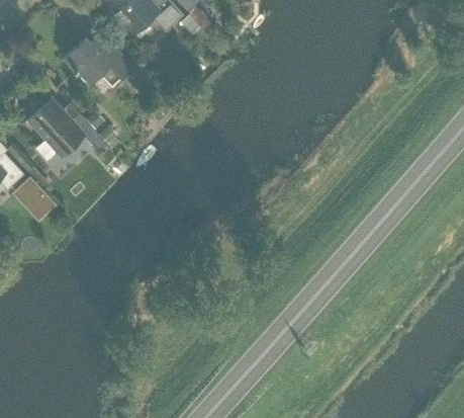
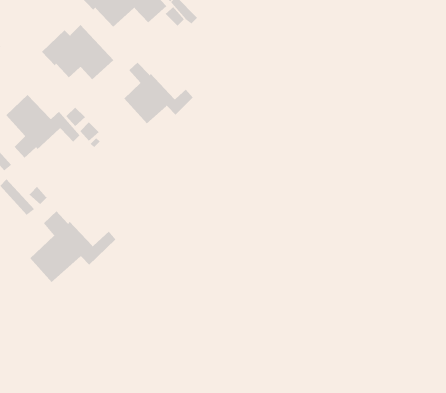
building: none -> [123,62,194,124]
building: none -> [30,211,116,283]

